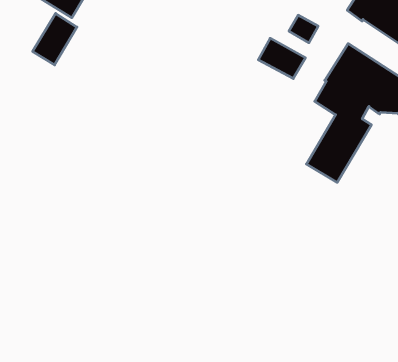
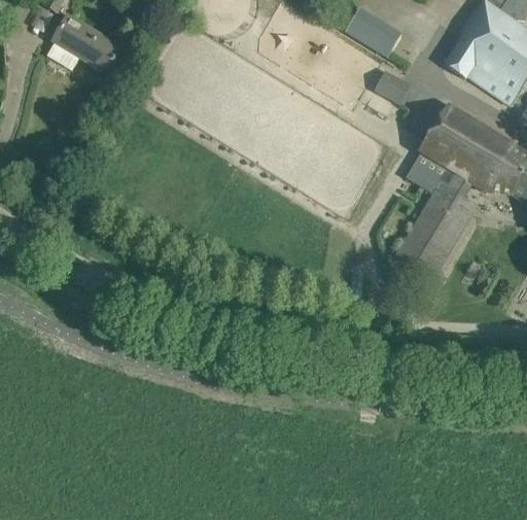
building: [33,13,77,65] -> none
building: [258,38,305,79] -> none

